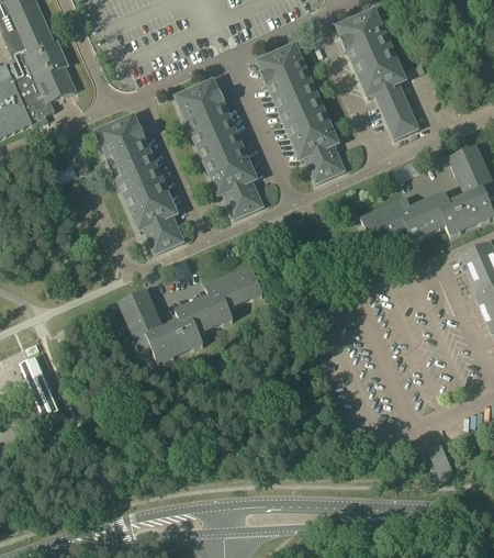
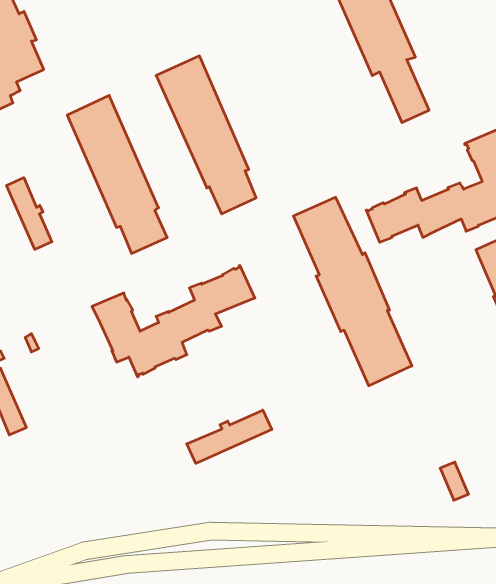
building: [257,44,345,182] -> none
building: none -> [7,178,52,249]
building: none -> [293,197,412,386]
building: none -> [187,410,272,463]

